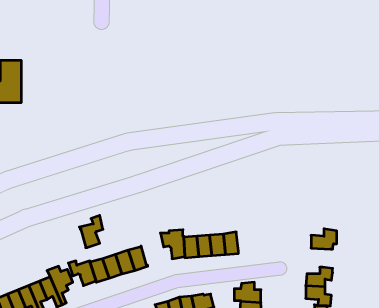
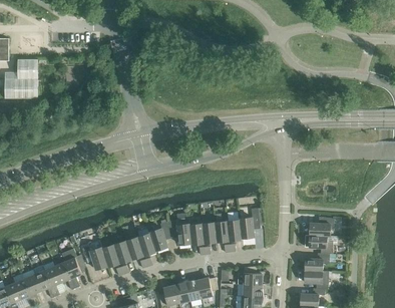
building: [79,215,103,248] -> [148,221,170,251]
building: none -> [239,208,259,238]
building: none -> [304,235,332,254]

